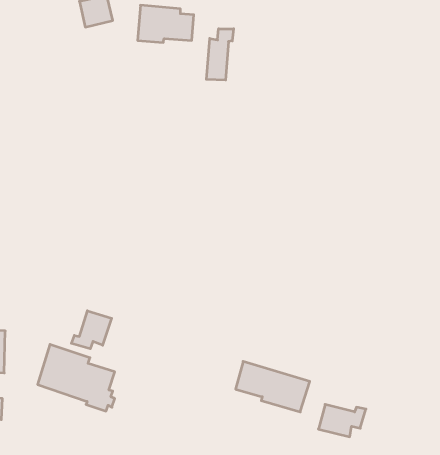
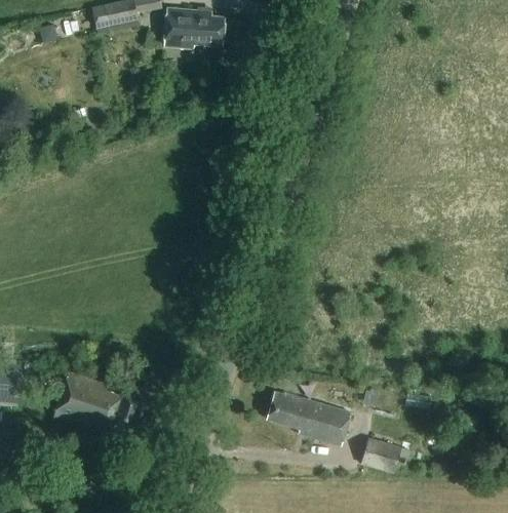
building: [206,29,234,80] -> none
building: [71,311,112,349] -> none

